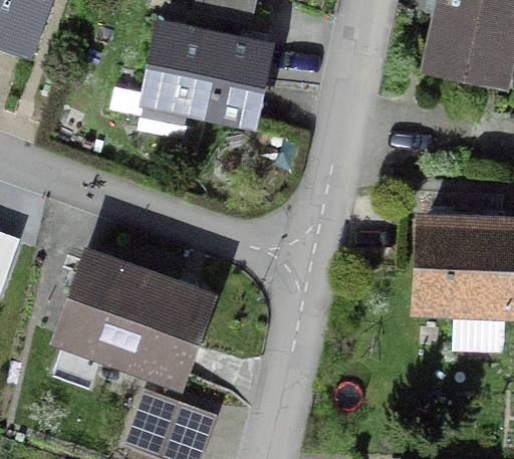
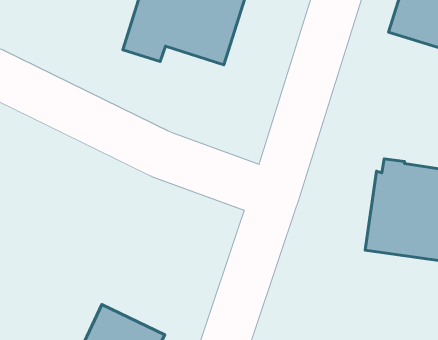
building: [59,258,205,381] -> none

